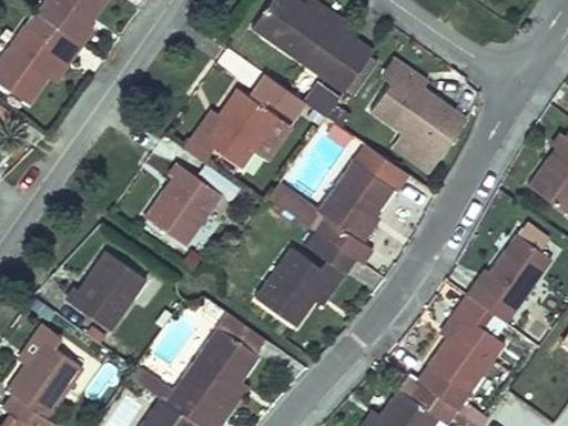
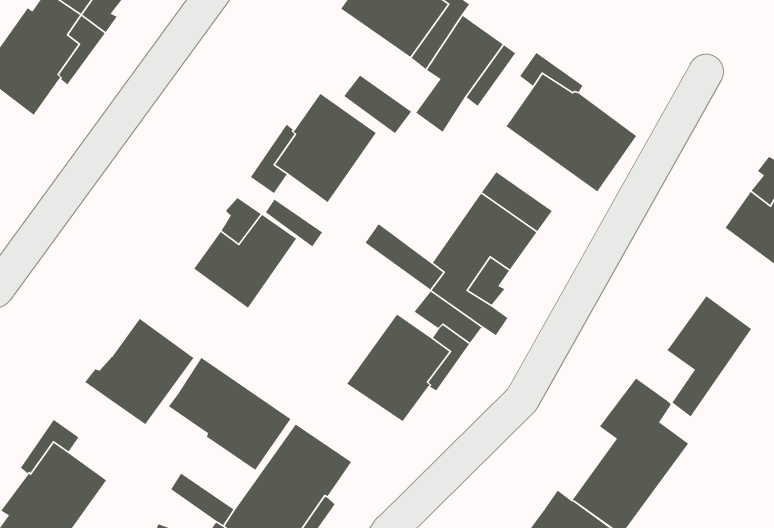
building: [465,270,507,313] -> none
building: none -> [168,357,291,471]

